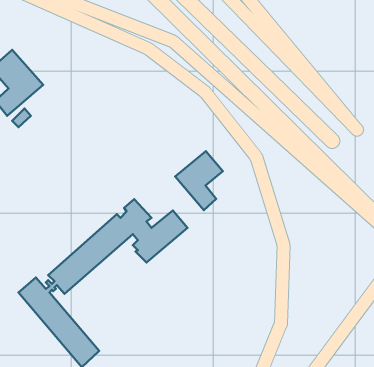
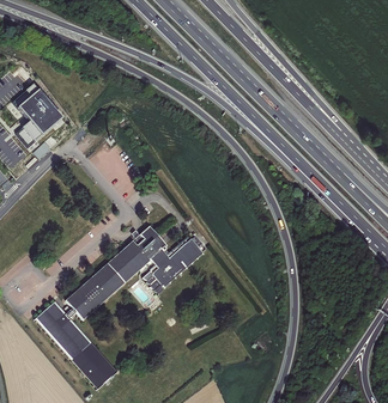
building: [175,151,223,210] -> none

